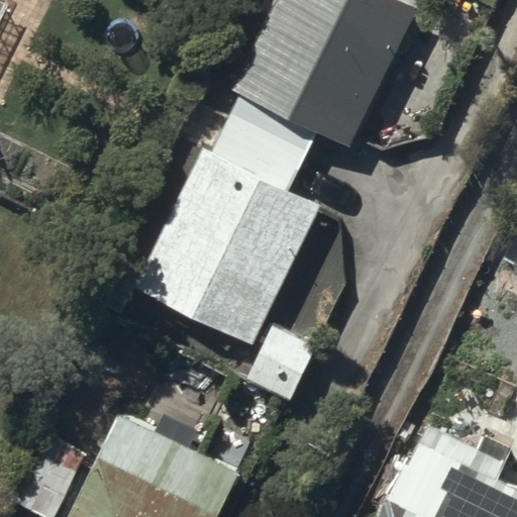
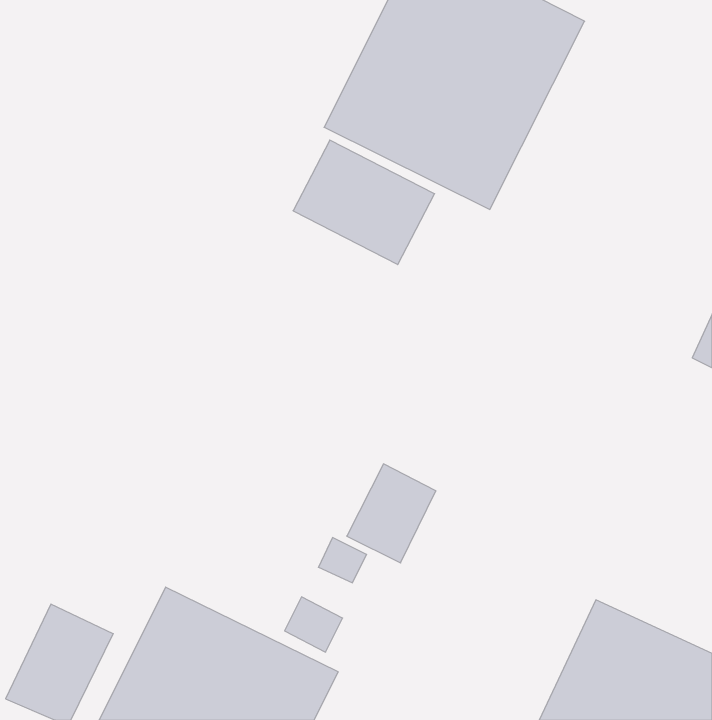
building: [135,153,318,346] -> none

